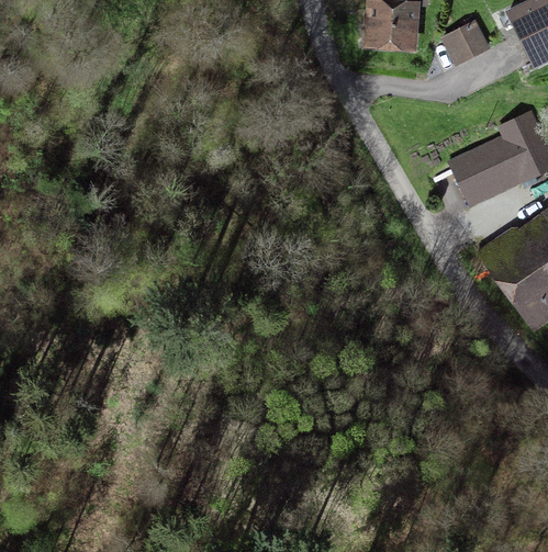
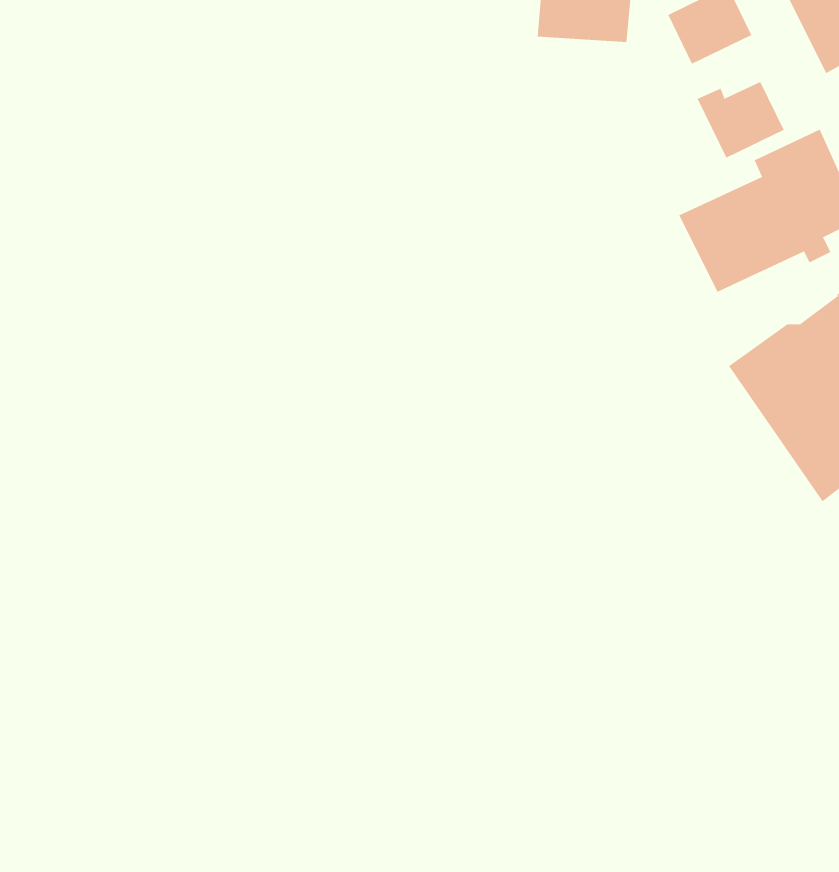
building: none -> [697,81,785,159]

